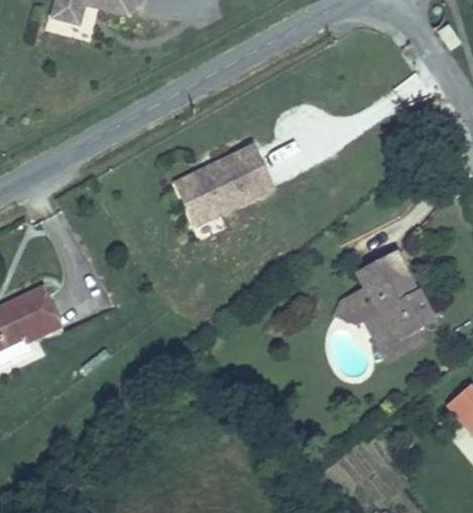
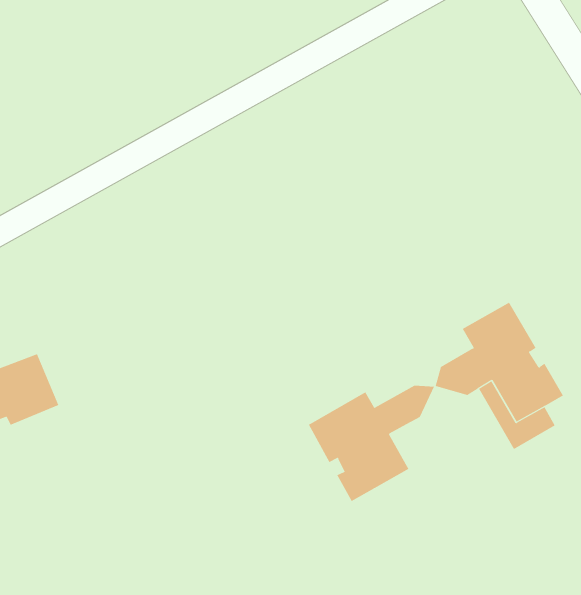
building: [166,149,261,225] -> none
building: none -> [308,385,435,502]

